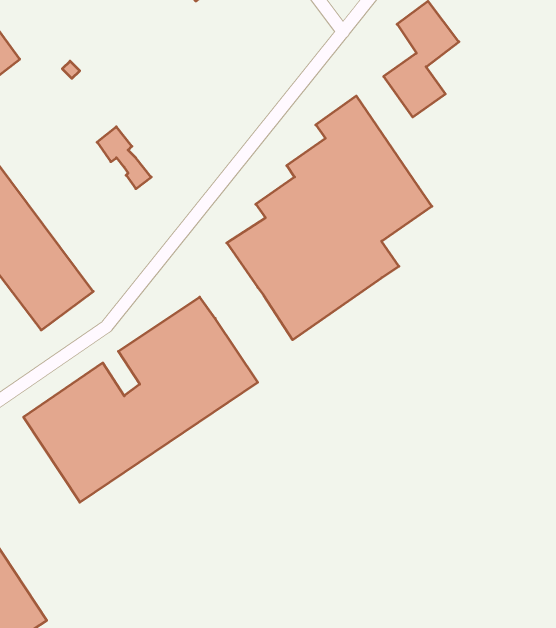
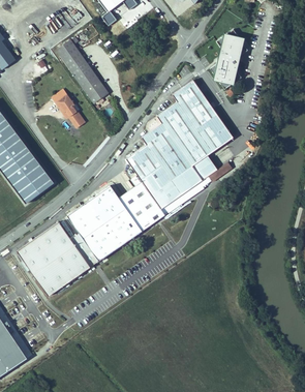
building: none -> [55,37,108,103]
building: none -> [119,176,211,232]

